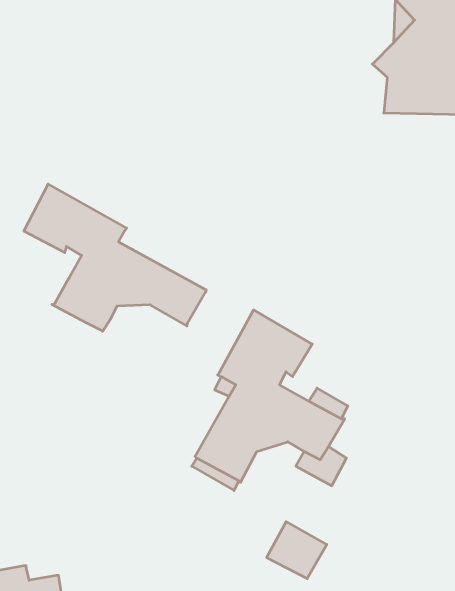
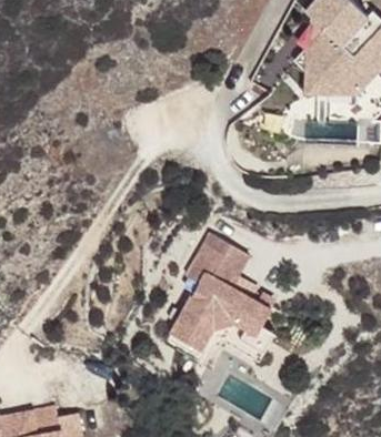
building: [24,184,206,331] -> none

